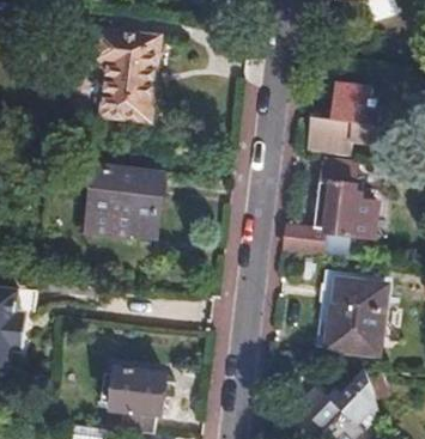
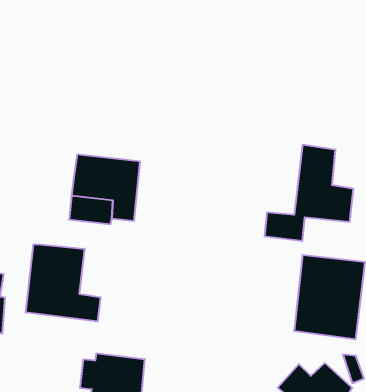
building: [91,32,159,121] -> none
building: [305,86,371,157] -> none
building: none -> [26,244,101,322]

